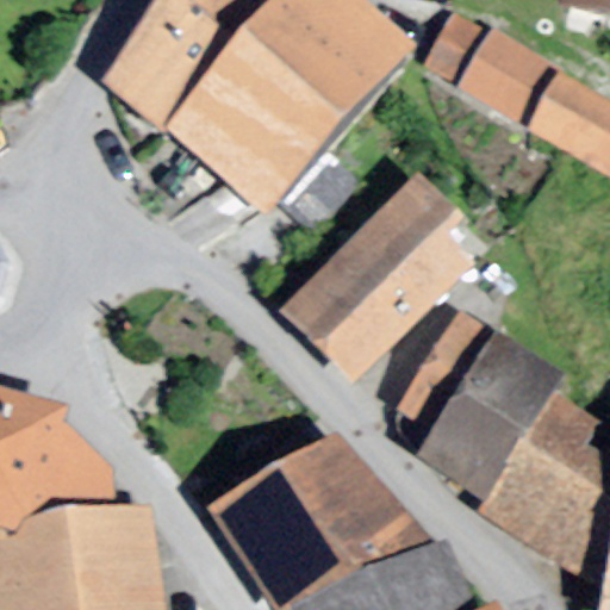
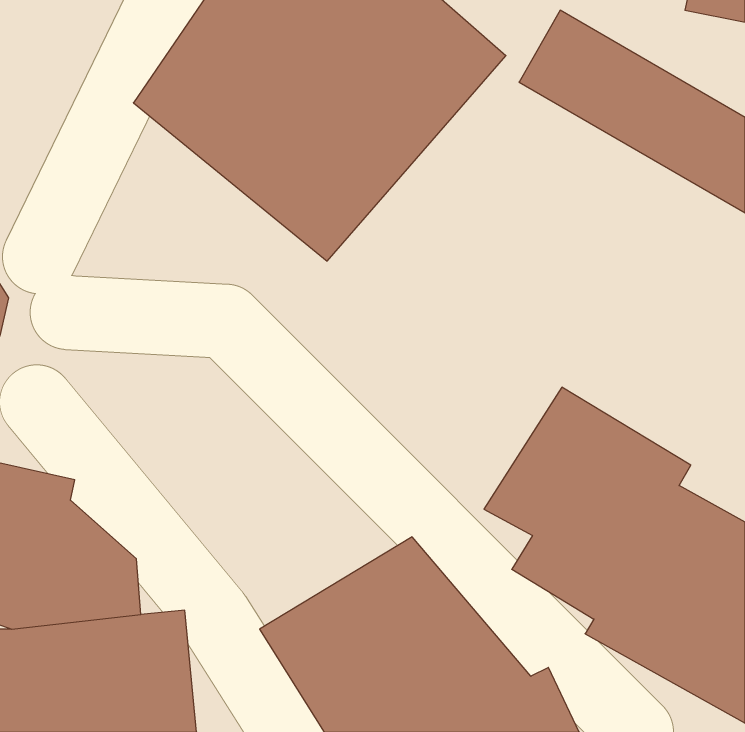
building: [276,172,490,388] -> none

